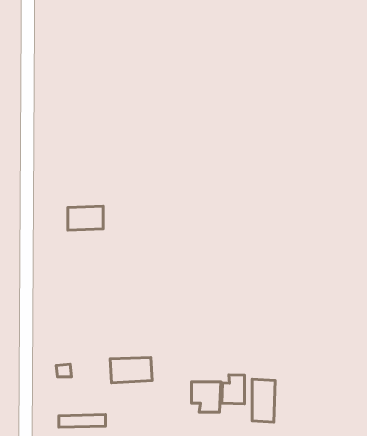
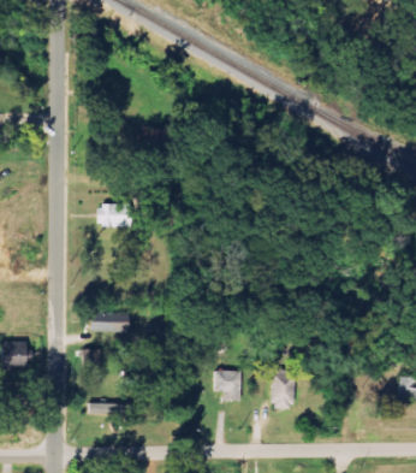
building: [110,358,152,383] -> [88,309,127,333]
building: [222,375,245,404] -> none

